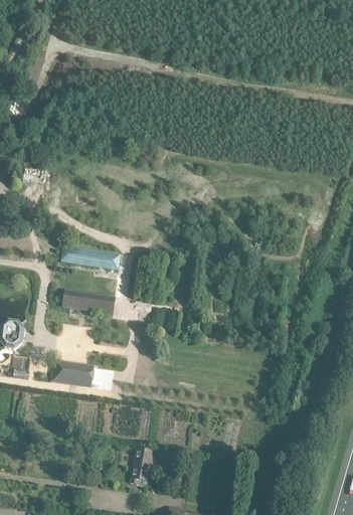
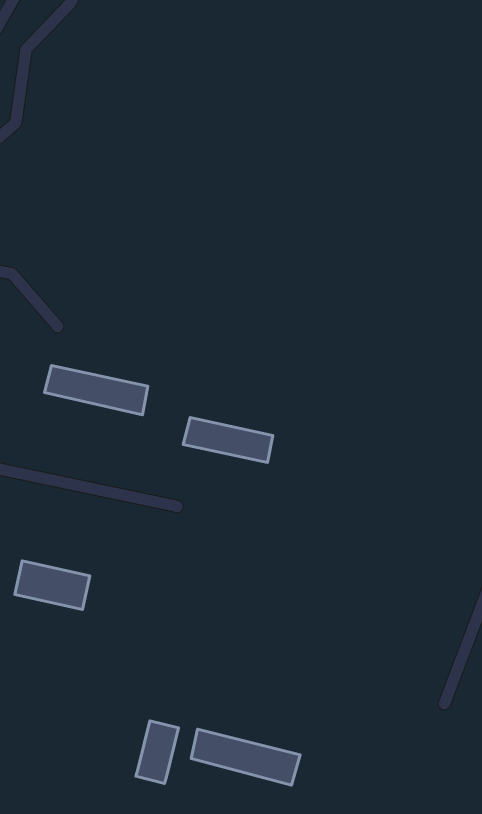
building: [60,290,113,313] -> [183,418,273,462]
building: none -> [191,729,300,785]

